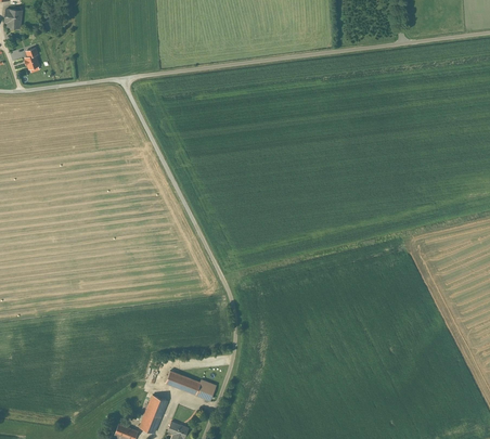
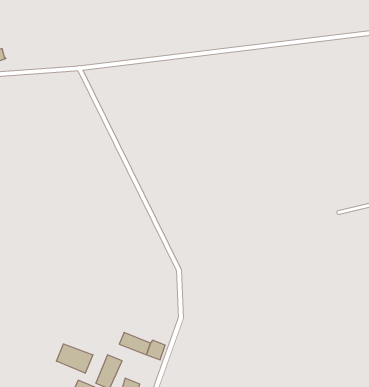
building: none -> [56,344,93,373]

